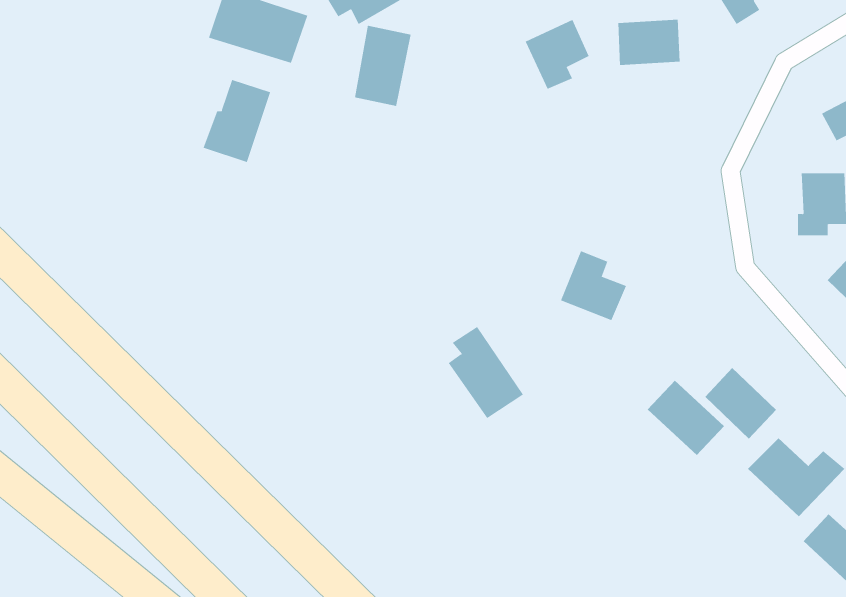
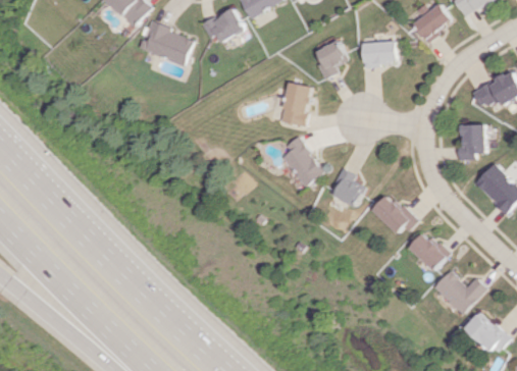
building: [354,25,412,107] -> [279,82,311,126]
building: [203,79,271,163] -> none
building: [448,326,524,419] -> [282,136,324,187]
building: [647,380,725,456] -> [373,194,416,235]

